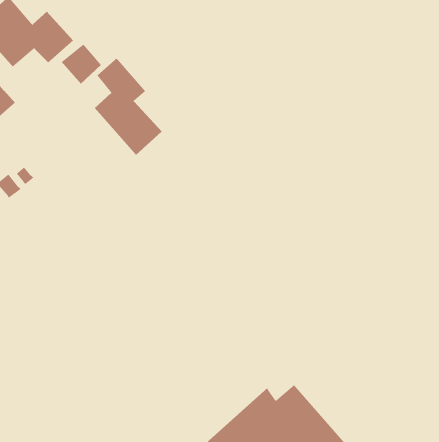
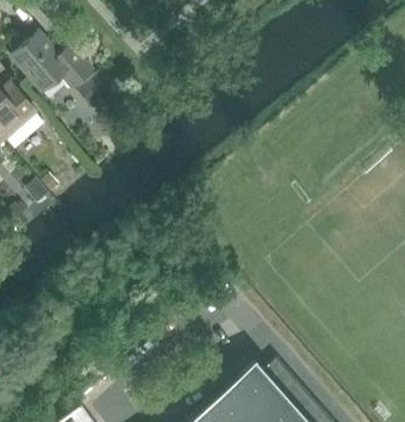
building: [94,57,162,156] -> none

